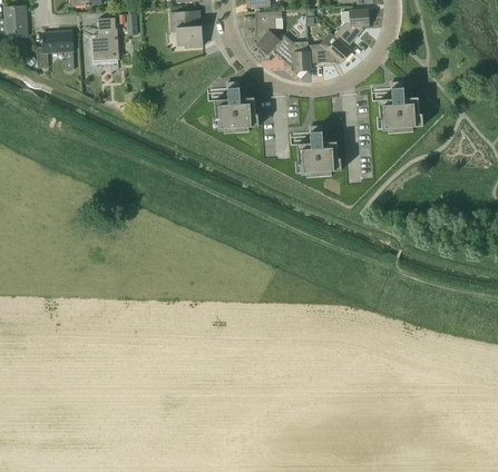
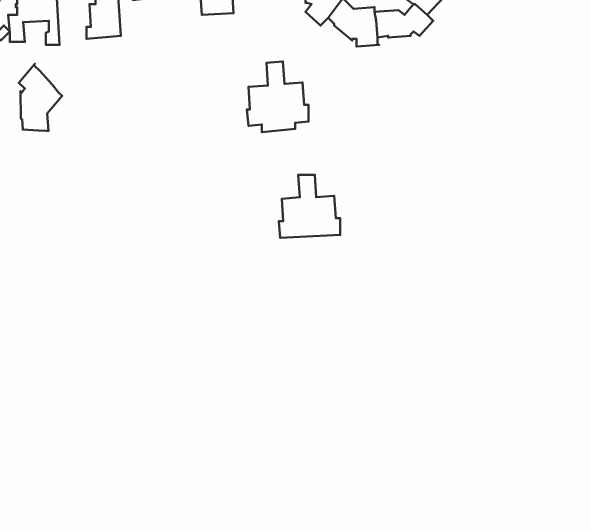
building: [377,81,423,129] -> none
building: none -> [19,64,62,131]
building: [295,126,341,173] -> [279,175,340,238]

